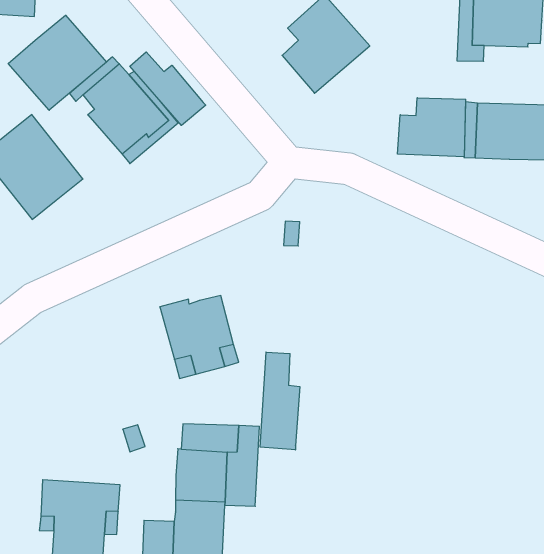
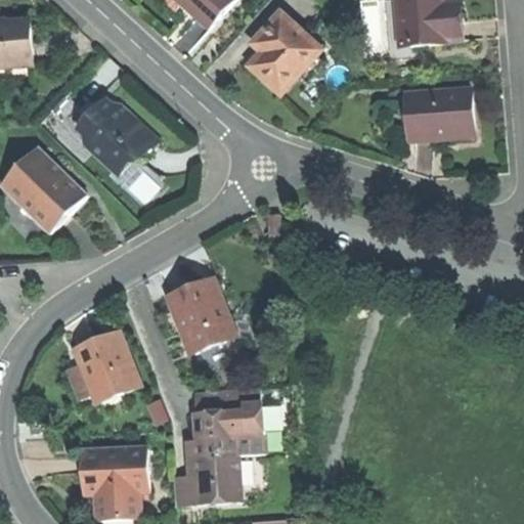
building: [8,15,107,110] -> none
building: [130,52,206,125] -> none
building: [398,98,466,157] -> none
building: none -> [75,336,137,400]
building: [260,352,300,450] -> none

